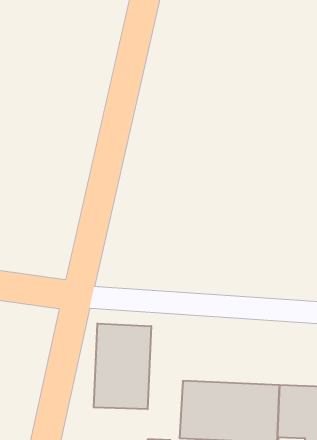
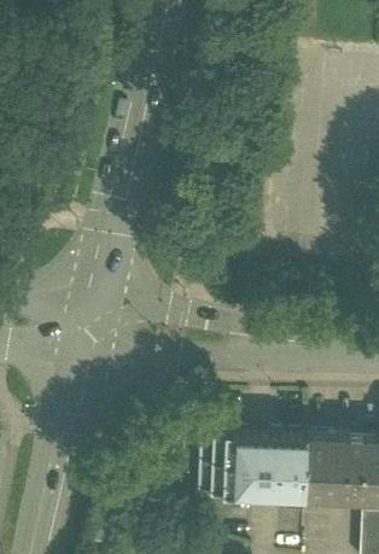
building: [94,323,151,409] -> none

